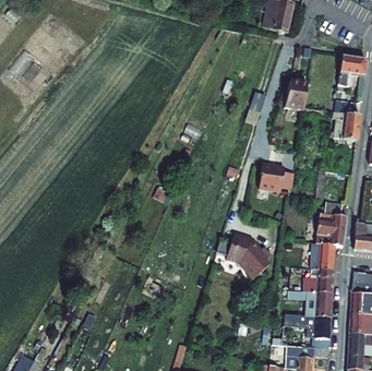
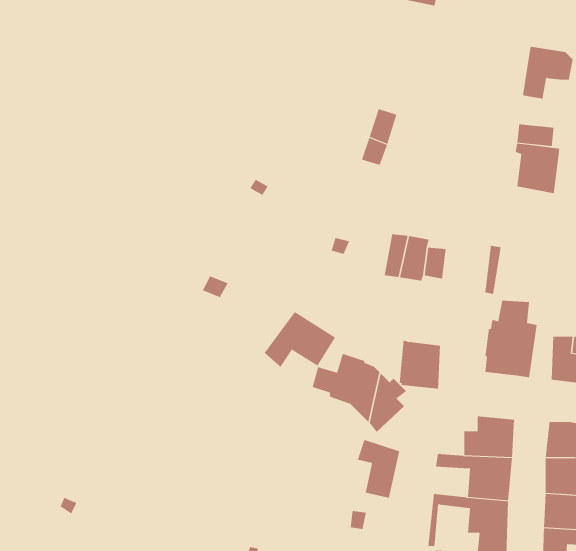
building: [285,80,308,109] -> none
building: none -> [264,311,336,368]
building: [311,242,335,271] -> [399,340,441,389]
building: none -> [357,439,400,498]

